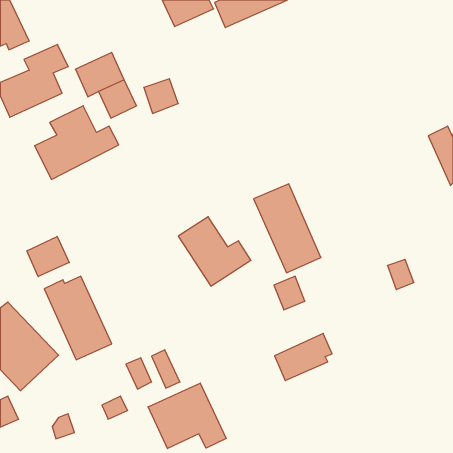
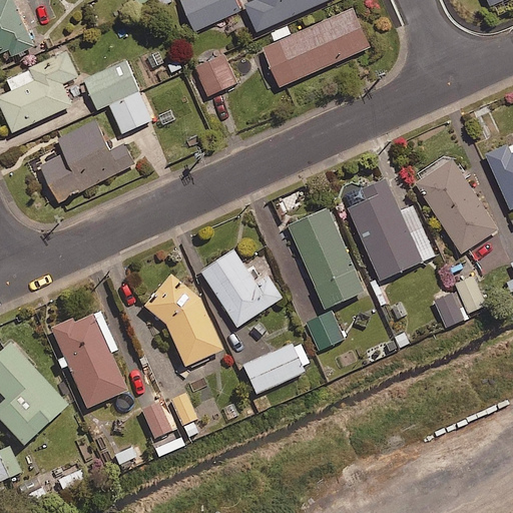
building: none -> [261,8,369,87]
building: [144,79,178,113] -> [198,57,237,96]
building: none -> [415,158,498,253]
building: none -> [346,179,422,281]
building: [27,236,69,277] -> none
building: none -> [142,273,222,366]
building: [275,333,332,381] -> [243,343,309,396]
building: [148,383,226,449] -> none

